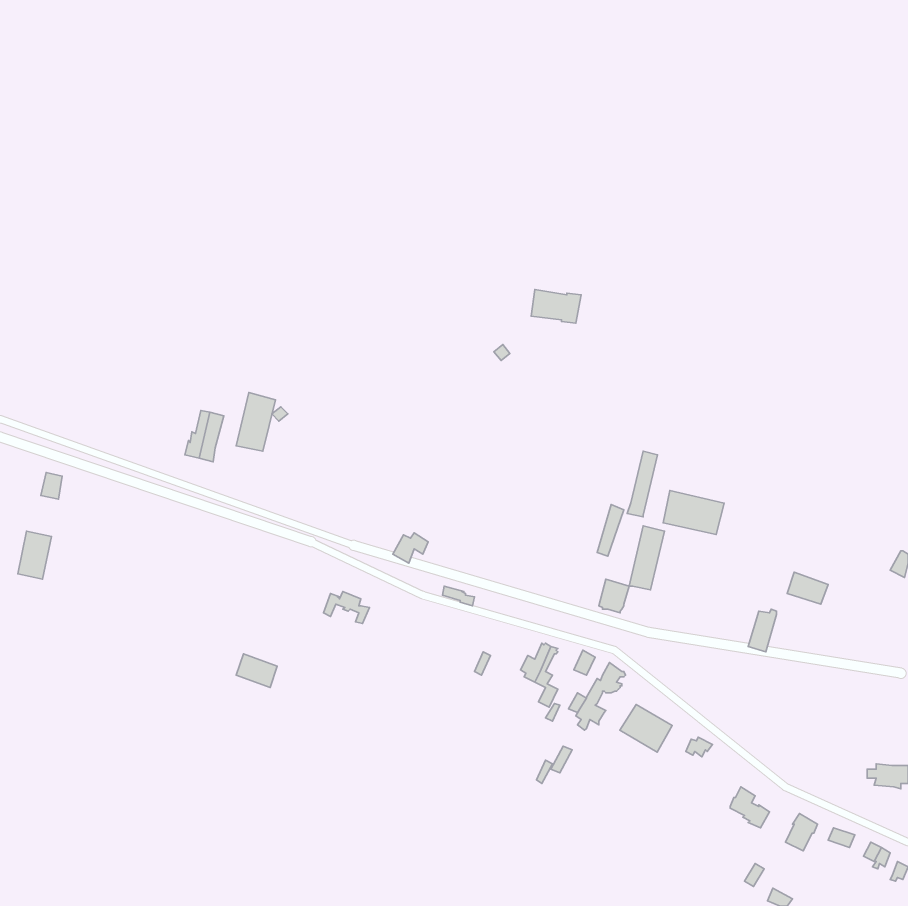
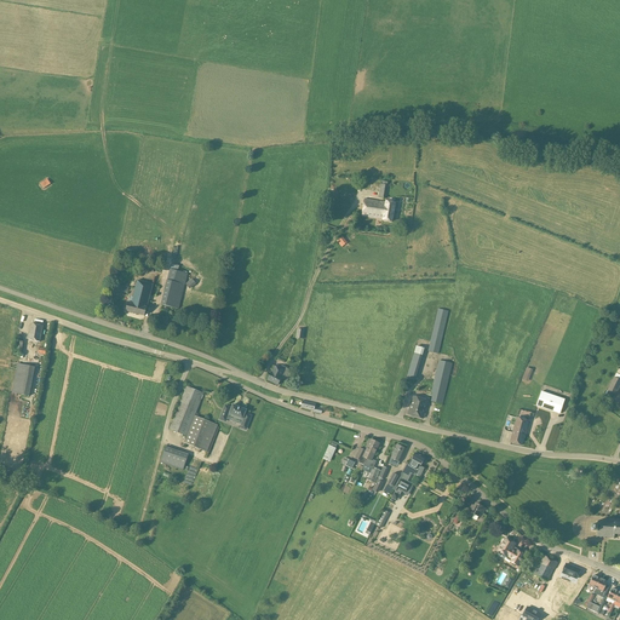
building: [663,491,724,534] -> none
building: none -> [170,385,218,450]
building: [620,704,672,752] -> none

